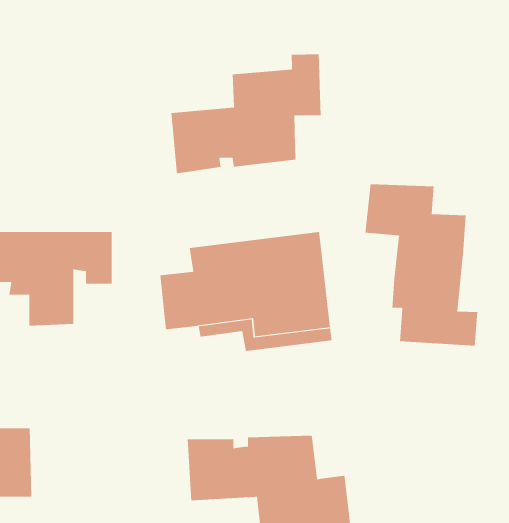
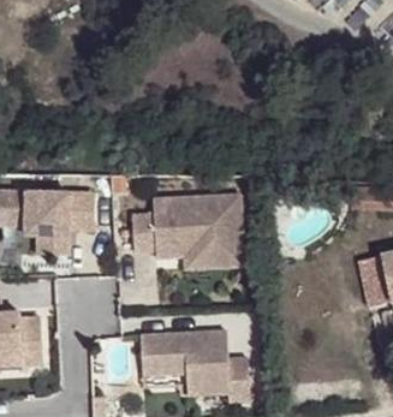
building: [171,54,321,174] -> none
building: [365,183,478,347] -> none

